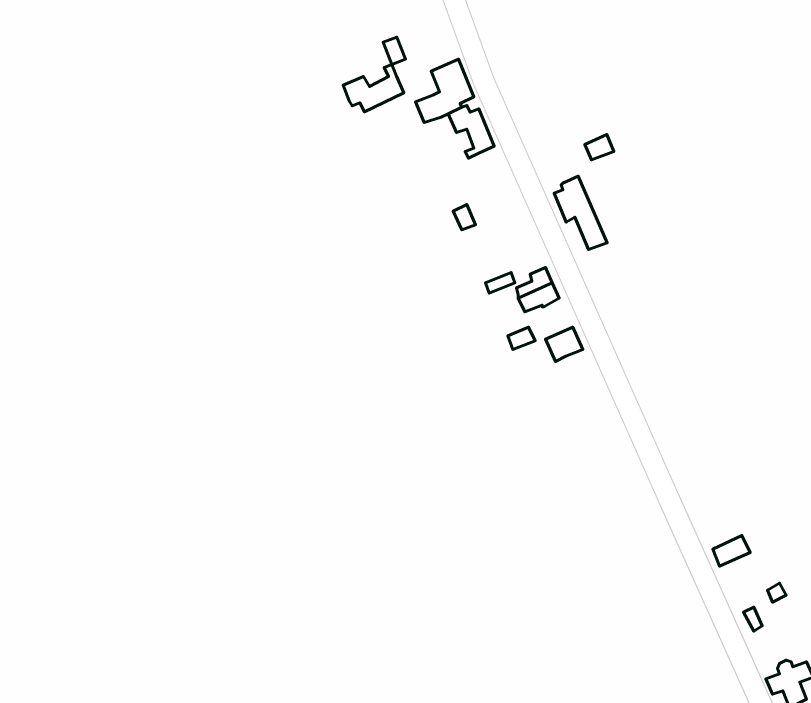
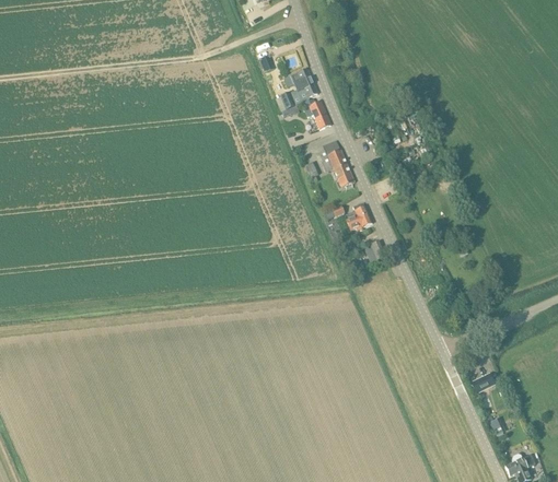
building: [343,64,404,112] -> none
building: [554,176,607,250] -> [319,139,353,186]

